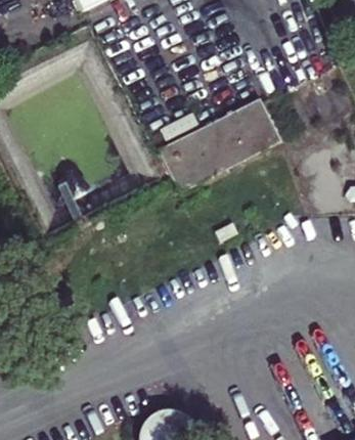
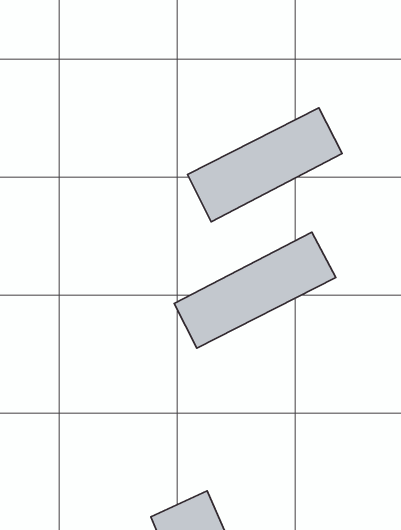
building: none -> [174,232,336,348]

